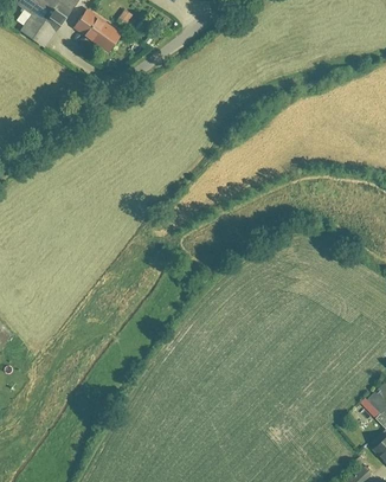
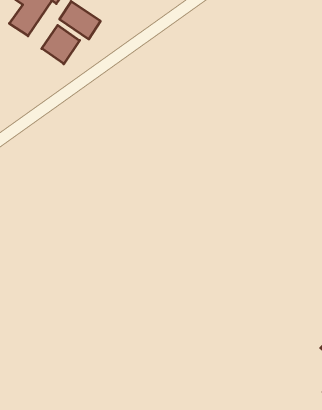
building: none -> [42,25,80,64]

